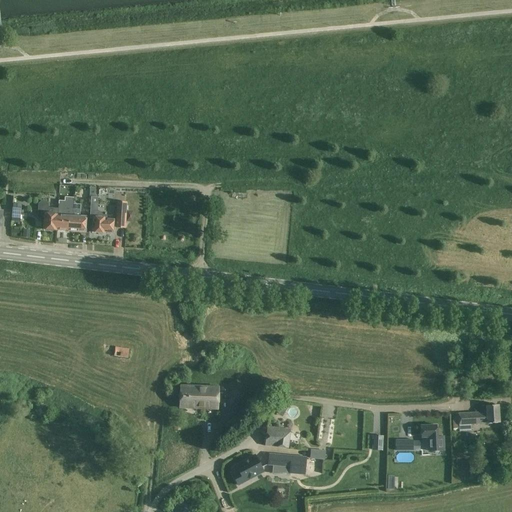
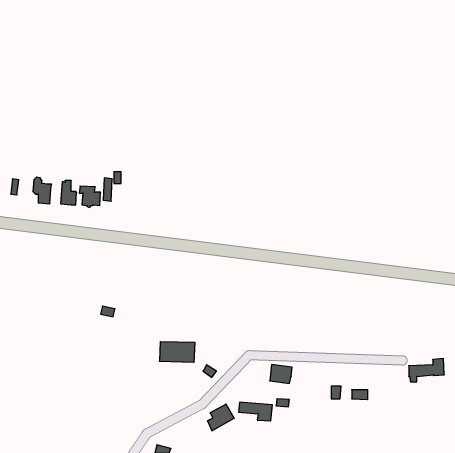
building: [56,196,73,229] -> none
building: [420,423,444,450] -> none
building: [265,425,290,446] -> [270,365,292,383]

